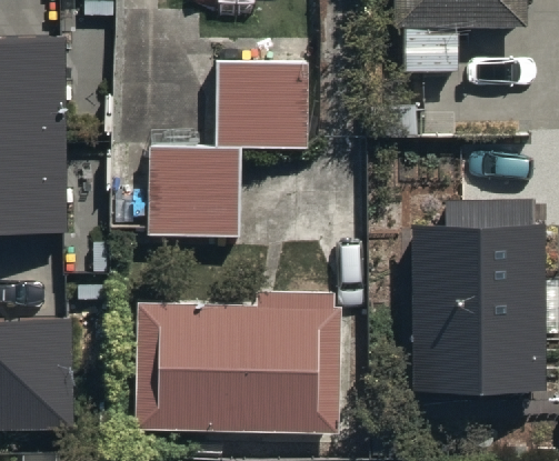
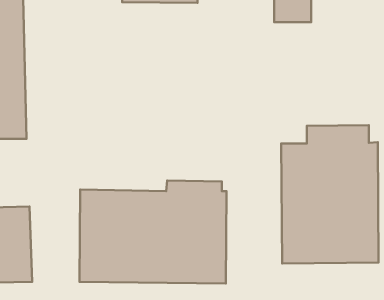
building: [149,63,310,241] -> none

